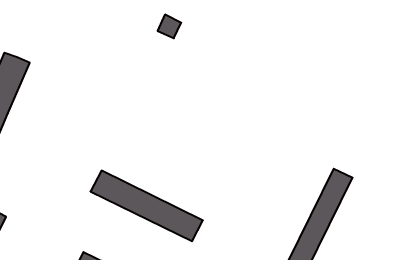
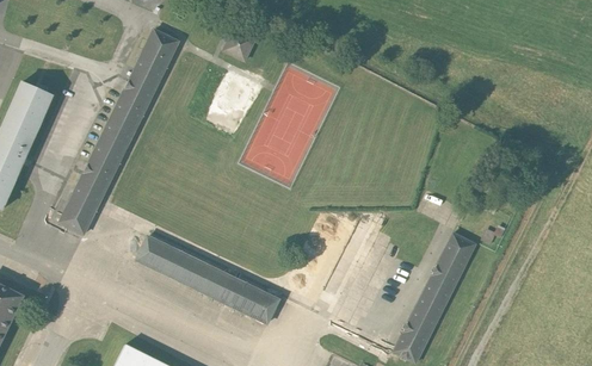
building: none -> [58,27,180,236]

